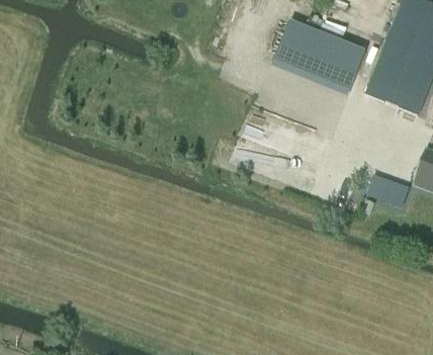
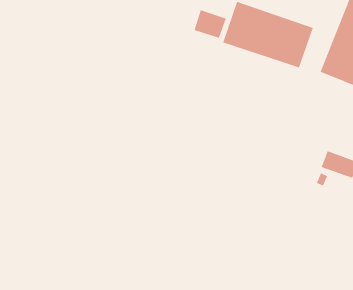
building: none -> [194,9,227,39]

